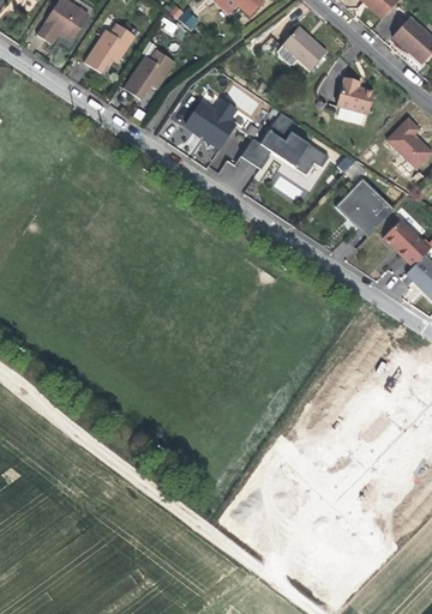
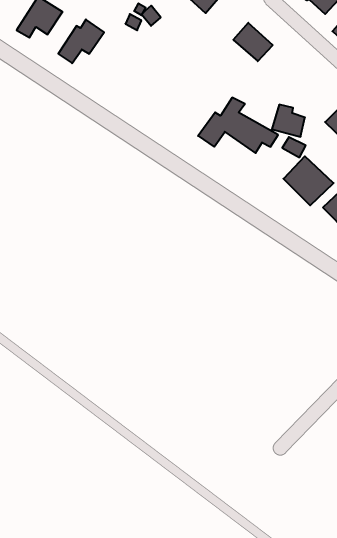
building: [124,52,175,101] -> none
building: [336,79,373,115] -> [272,105,305,137]
building: [184,98,238,149] -> none

